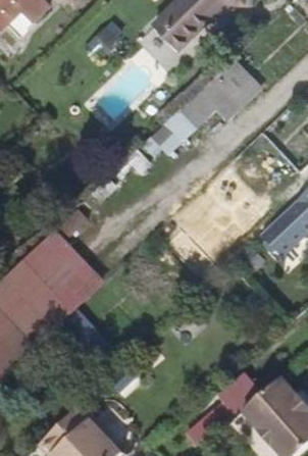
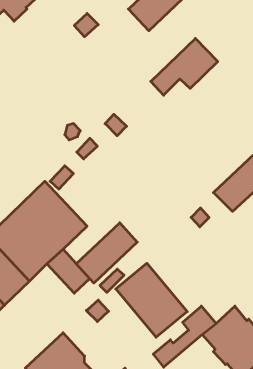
building: [142,107,196,153] -> none
building: none -> [76,223,137,283]
building: none -> [116,263,187,337]

